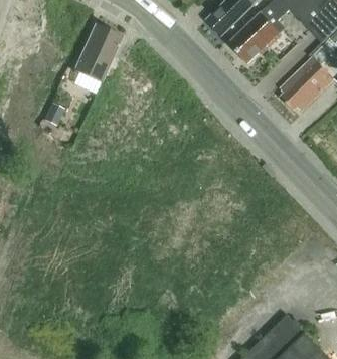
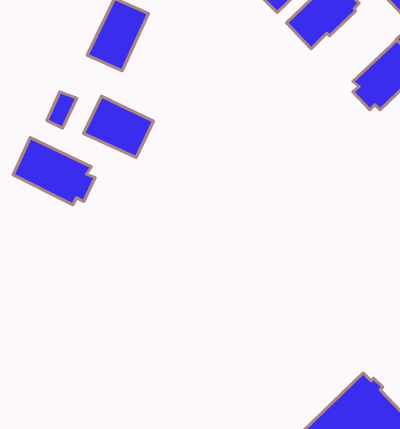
building: none -> [83,96,153,157]
building: none -> [13,137,95,205]

